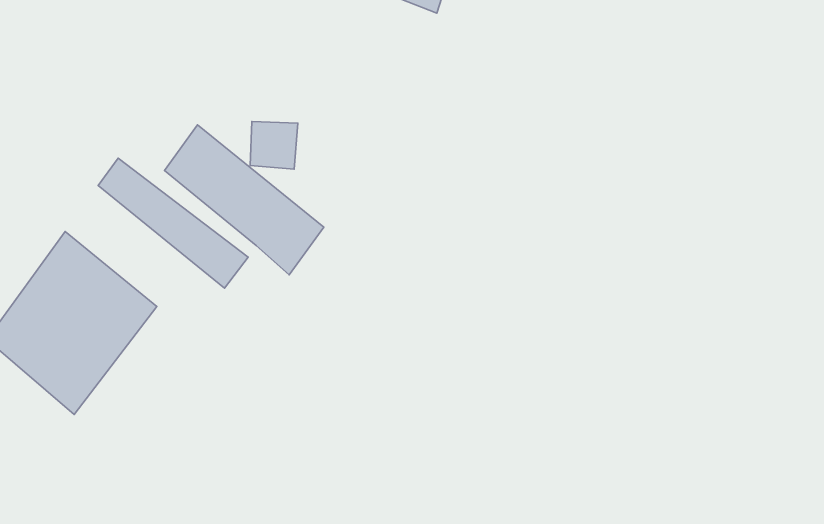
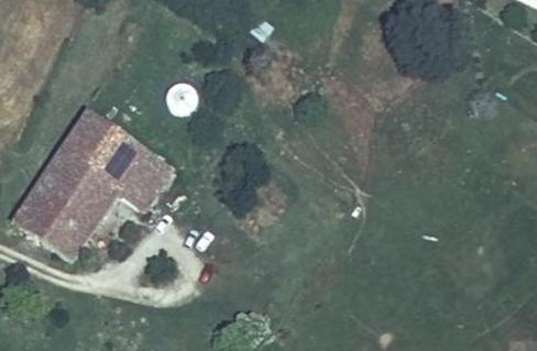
building: [165,125,324,275] -> [58,123,154,213]

